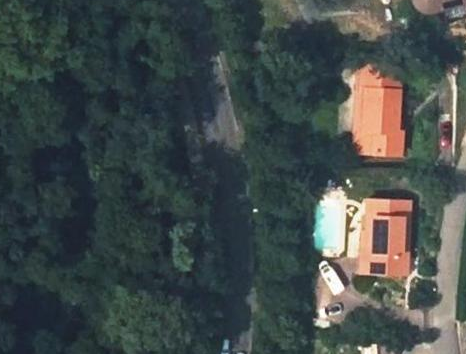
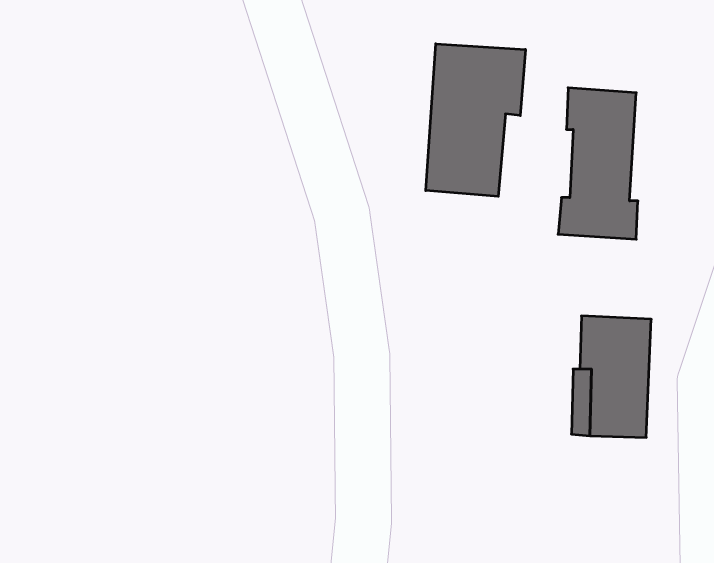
building: none -> [426,44,525,196]

